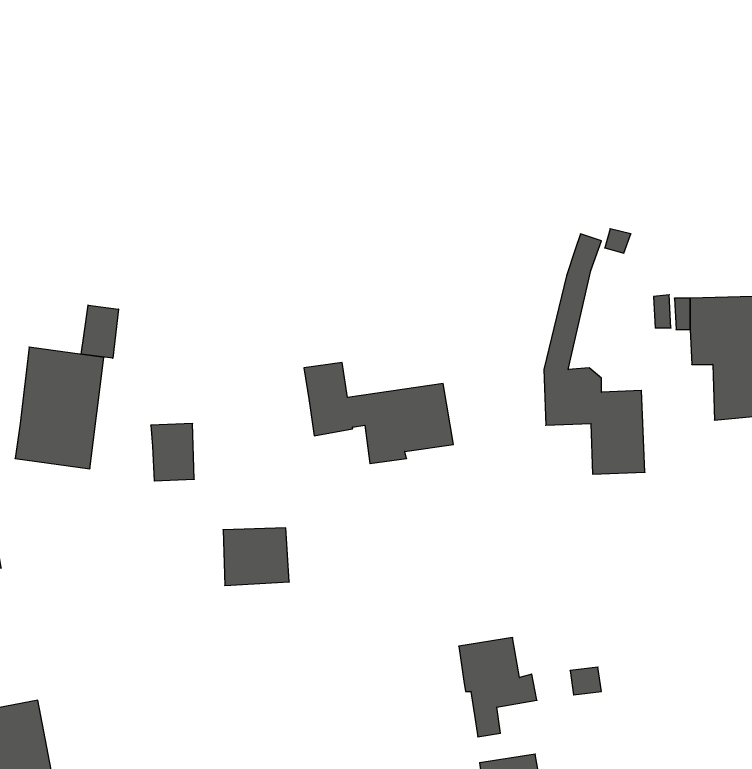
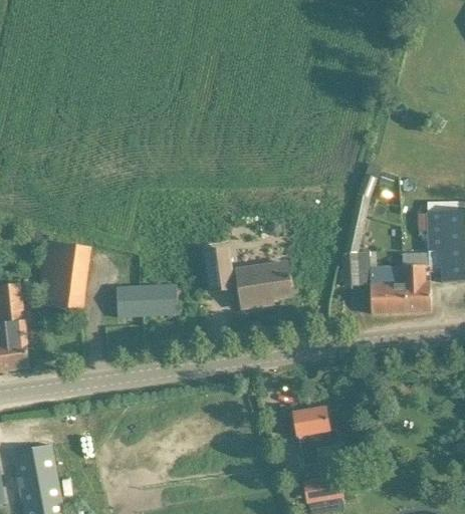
building: [81,305,118,358] -> none
building: none -> [400,264,432,312]
building: [223,528,289,585] -> [141,283,179,316]

